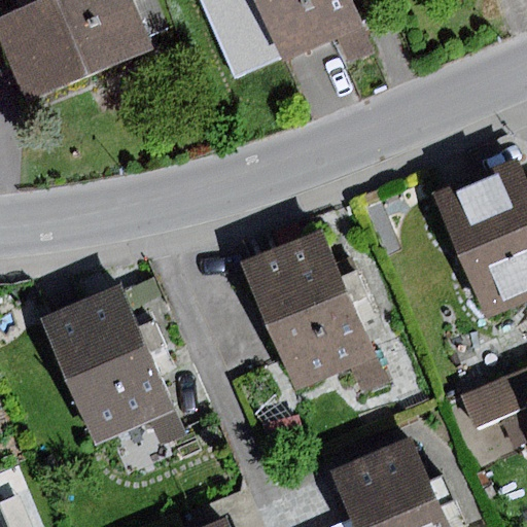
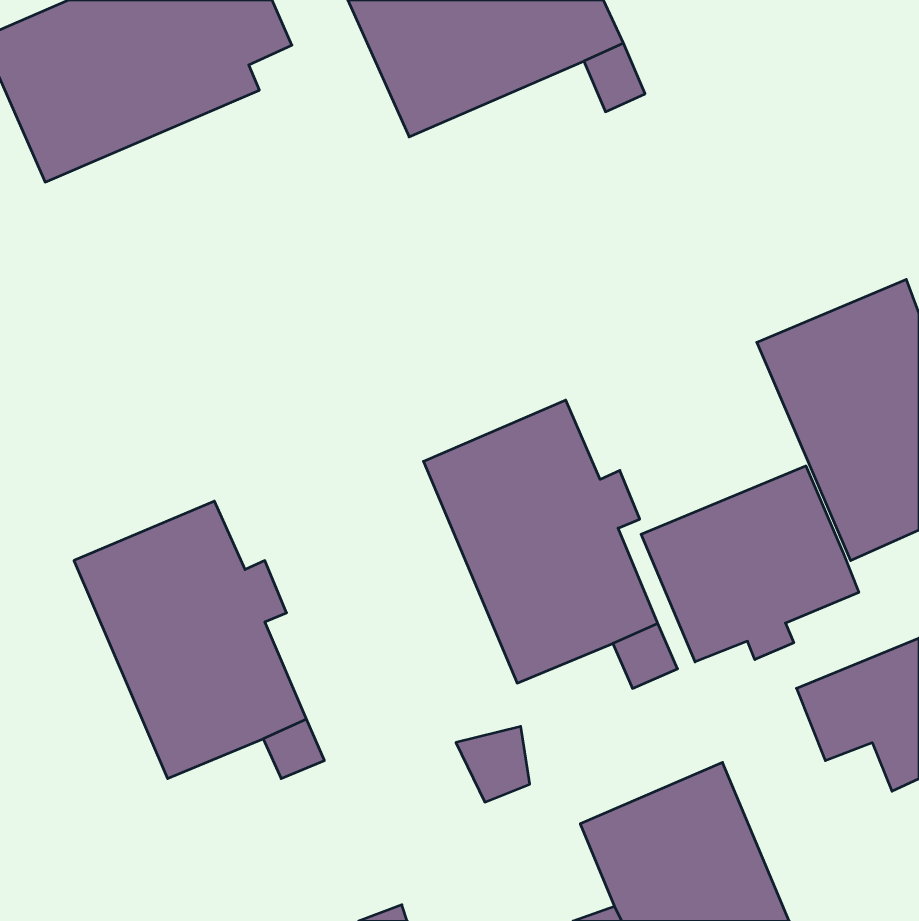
building: none -> [641,466,859,662]

